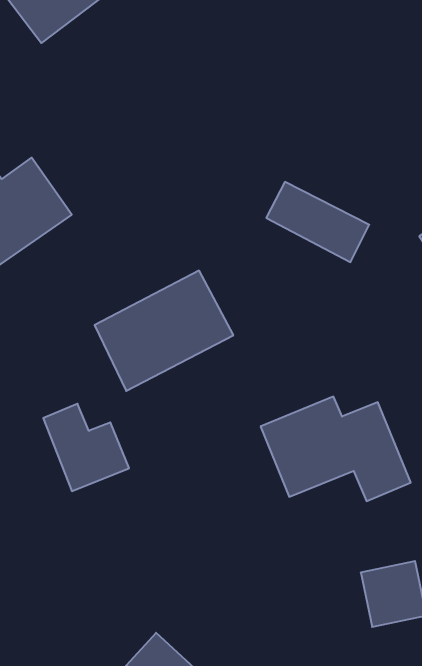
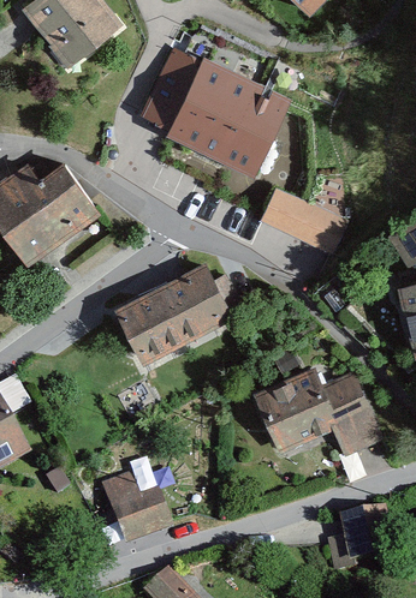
building: none -> [141,46,289,172]
building: [43,404,129,491] -> [101,473,173,546]

